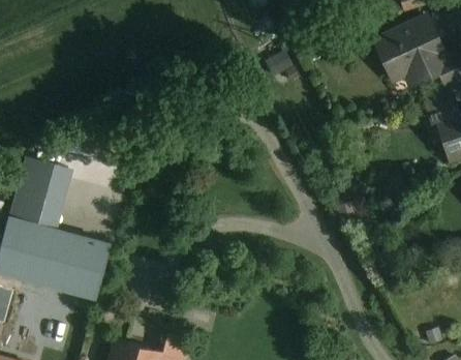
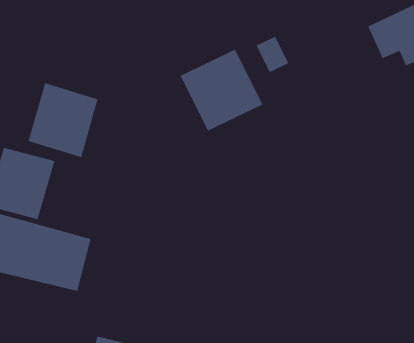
building: none -> [179,49,264,132]
building: none -> [27,82,99,158]

